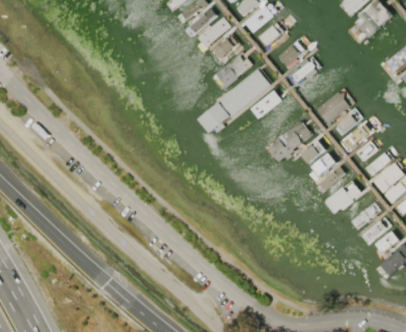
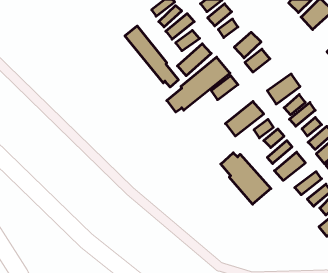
building: none -> [125,26,178,87]
building: none -> [221,153,271,204]

